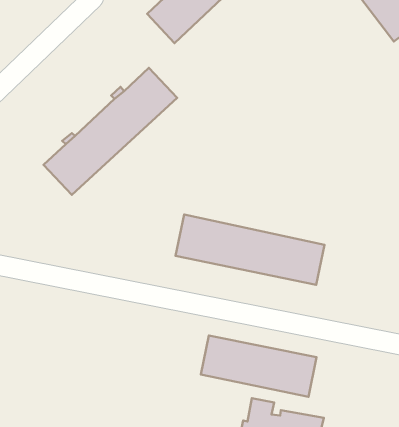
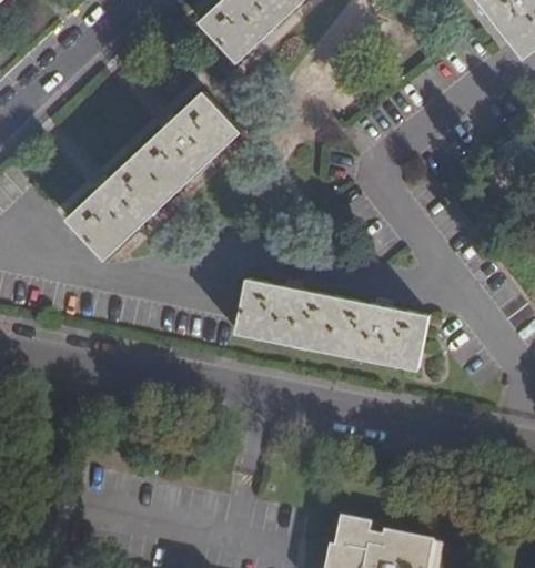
building: [201,335,317,397] -> none

